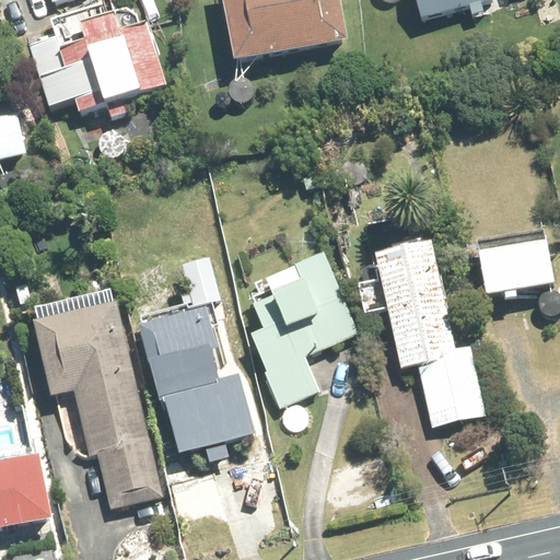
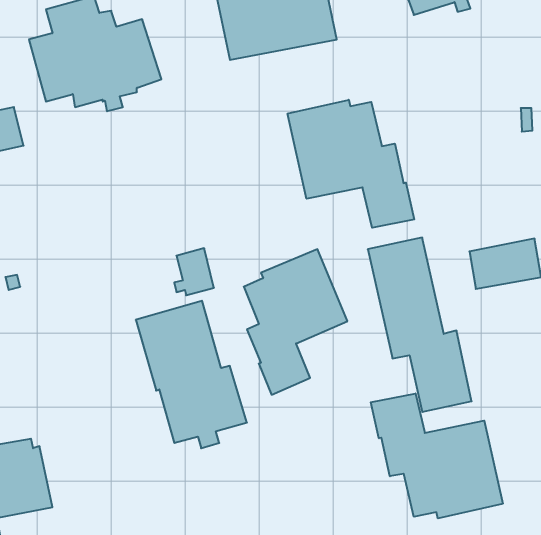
building: none -> [288,100,414,228]
building: [36,291,159,500] -> none
building: none -> [371,393,503,518]

